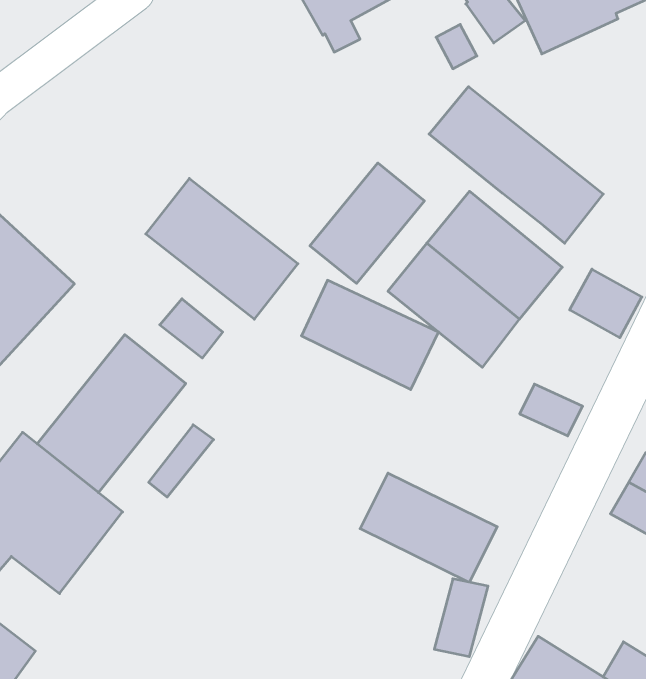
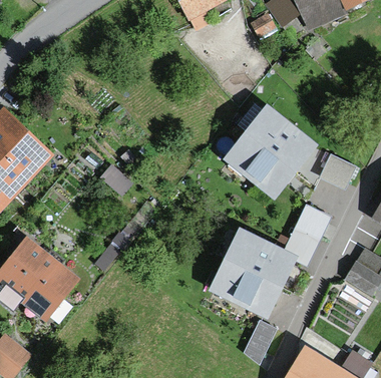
building: [429,87,603,243] -> none
building: [310,163,424,283] -> none
building: [146,178,298,319] -> none
building: [301,280,439,390] -> [224,228,298,287]
building: [37,335,186,493] -> none

